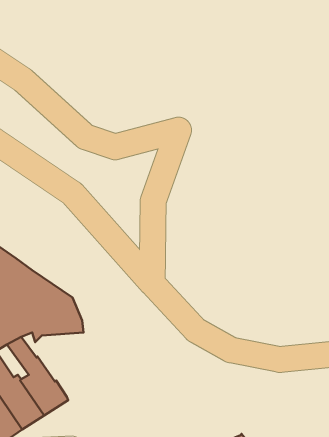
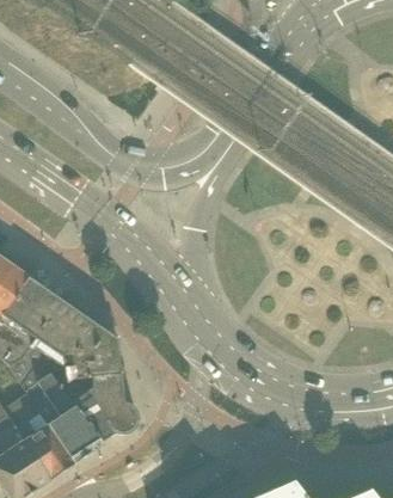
building: none -> [68,370,137,441]

